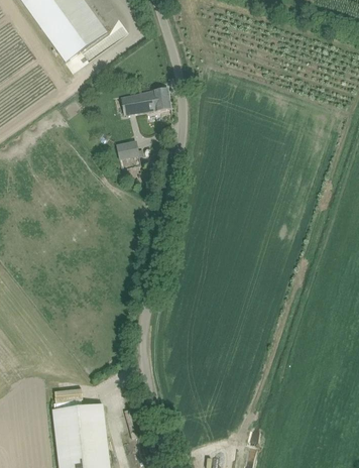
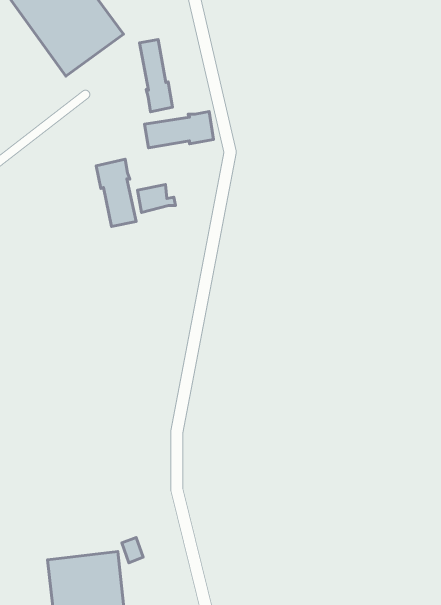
building: none -> [139,39,173,112]
building: none -> [96,159,136,226]

